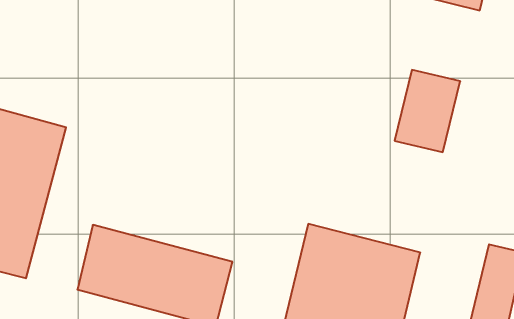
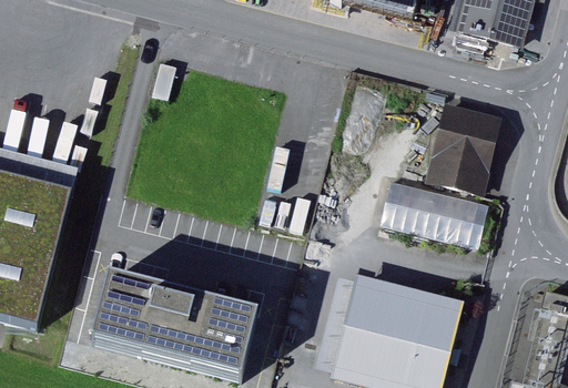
building: none -> [381,176,490,246]

